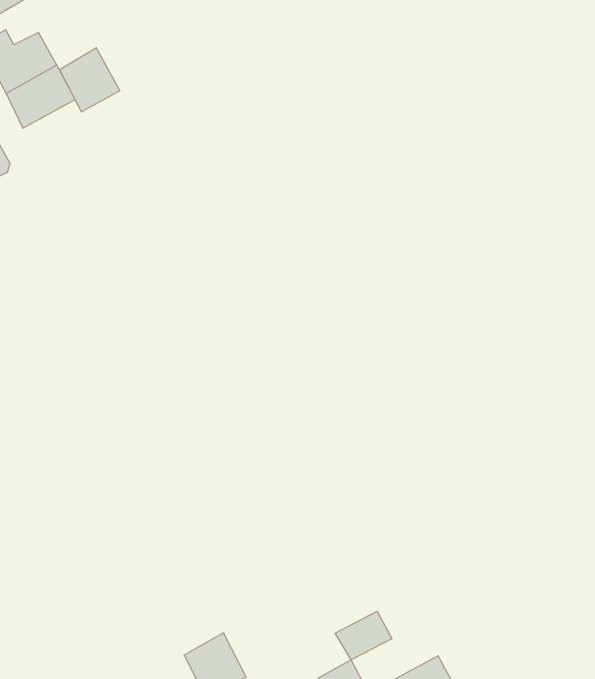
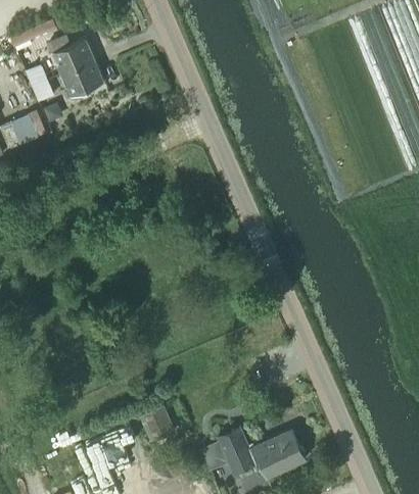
building: [60,48,120,112] -> none
building: [335,611,392,660] -> none

